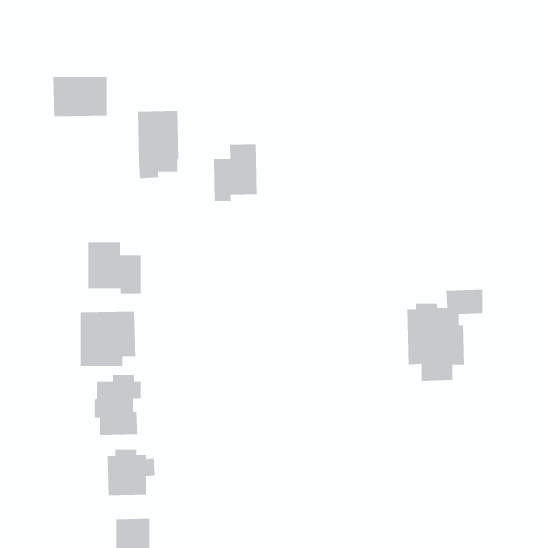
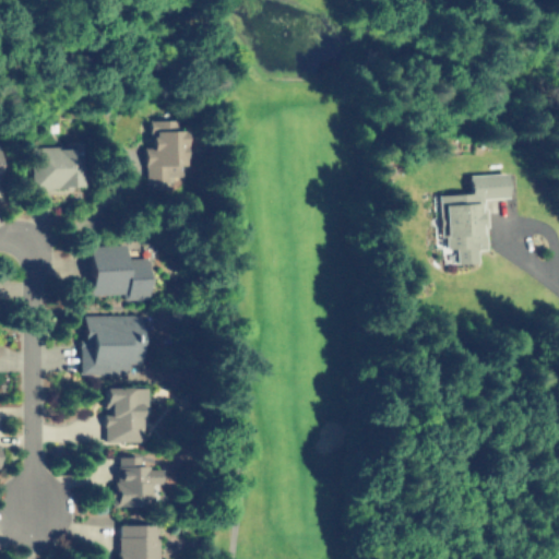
building: [52,76,107,117] -> [33,147,88,189]
building: [213,144,257,202] -> none
building: [407,289,483,382] -> [433,173,511,266]

